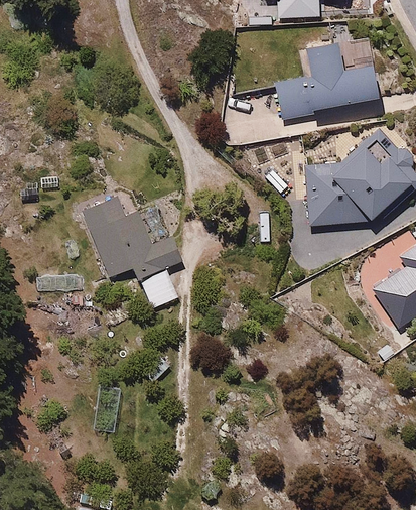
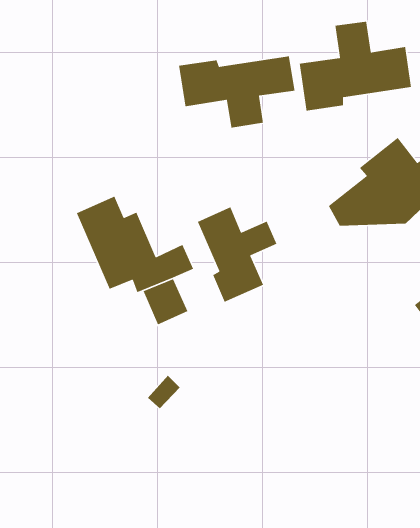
building: none -> [178,55,295,128]
building: none -> [197,206,278,303]

